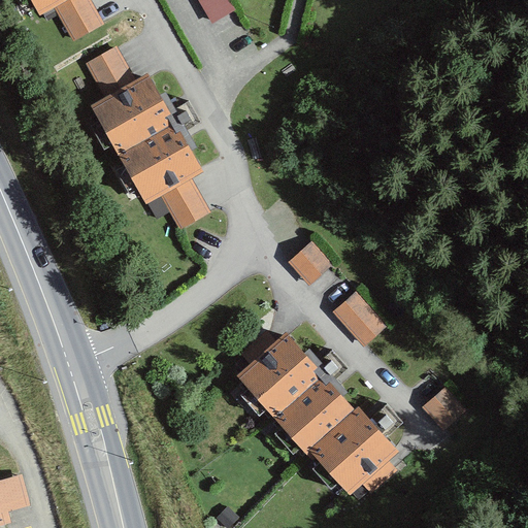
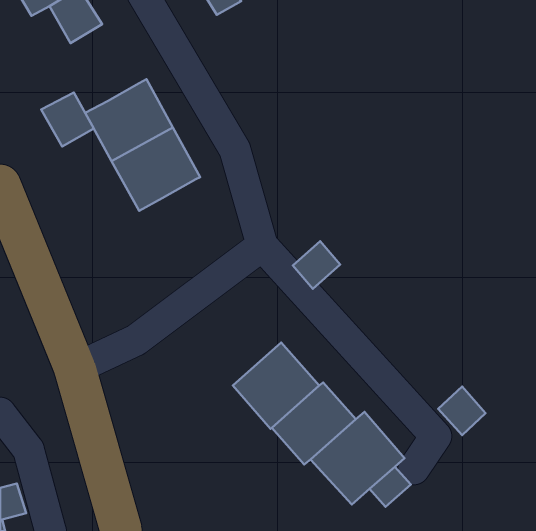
building: [87,46,138,99] -> [41,93,94,146]
building: [161,175,212,228] -> none
building: [337,289,393,341] -> none

